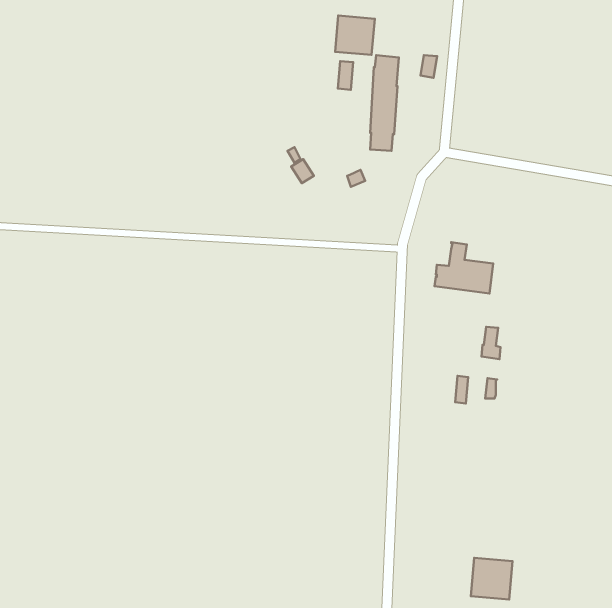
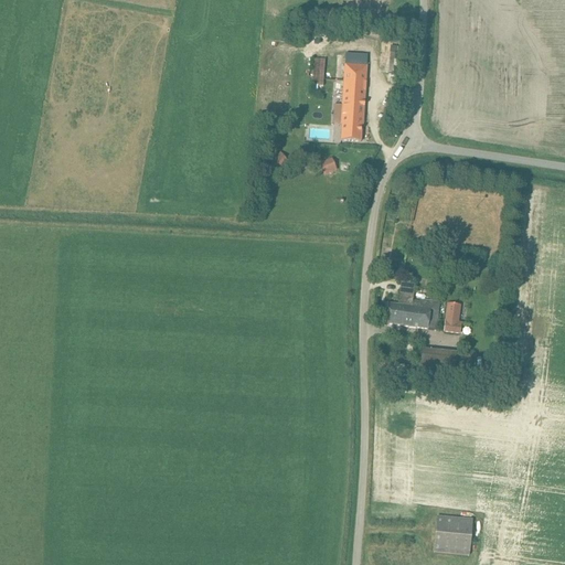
building: [335,16,375,55] -> none
building: [435,242,493,294] -> [385,280,439,328]

